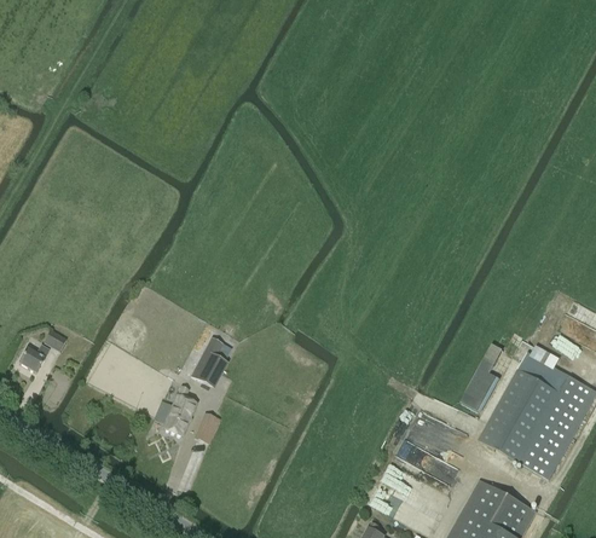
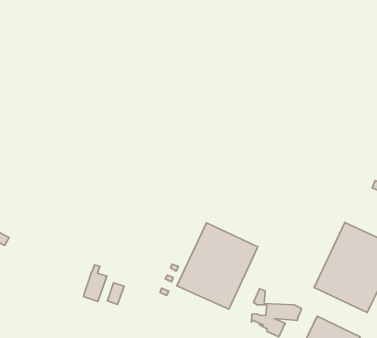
building: [191,337,226,387] -> none
building: none -> [177,223,258,309]
building: [462,366,499,411] -> none

